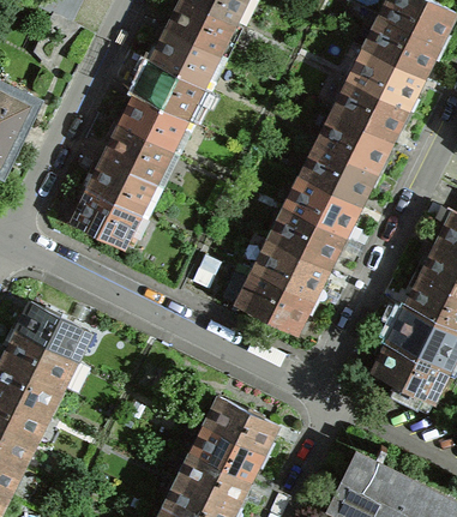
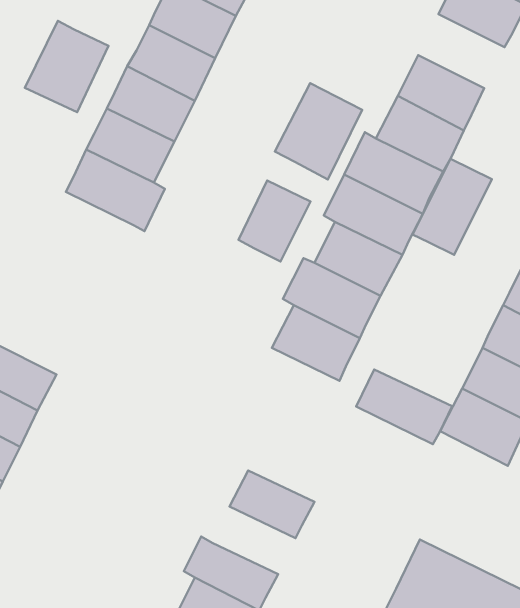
building: [356,54,422,110] -> none
building: none -> [25,21,109,112]
building: none -> [275,83,362,180]
building: none -> [413,159,492,255]
building: none -> [238,181,310,262]
building: [72,190,139,247] -> none
building: none -> [356,369,452,444]
building: [199,429,263,481] -> none

